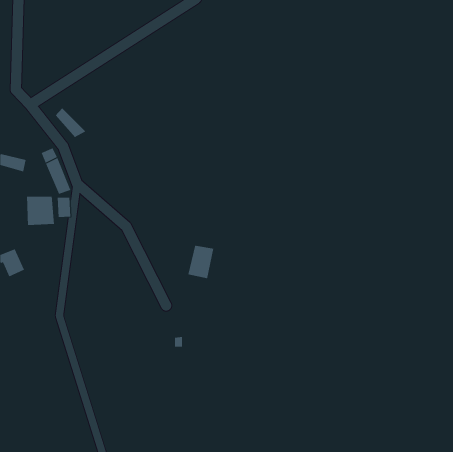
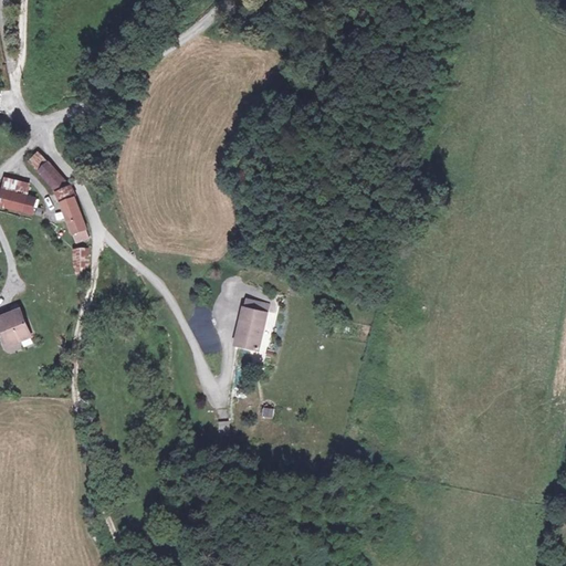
building: [55,107,86,138] -> [27,148,65,186]
building: [27,196,54,226] -> none

